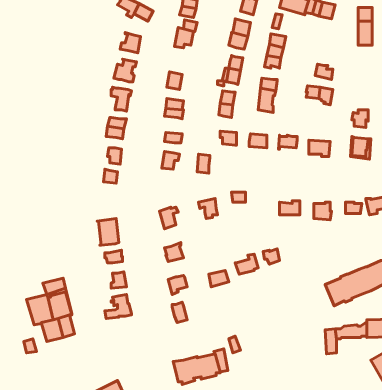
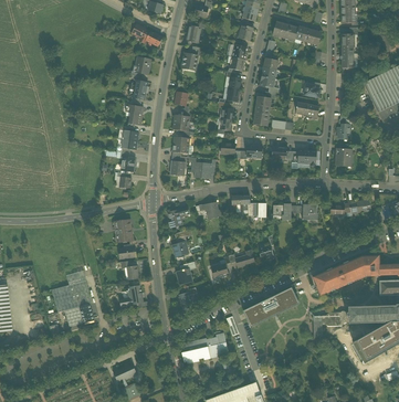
building: none -> [242,287,298,327]

